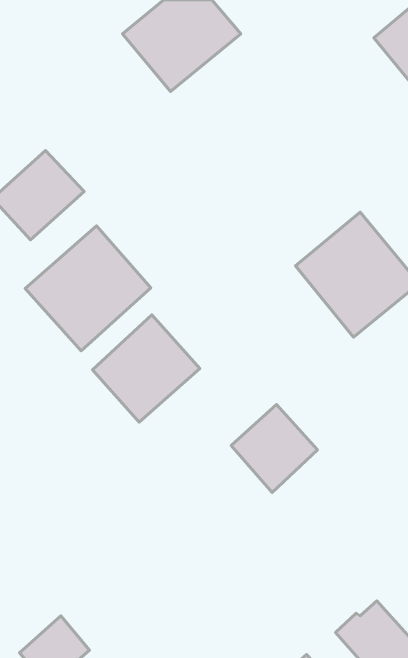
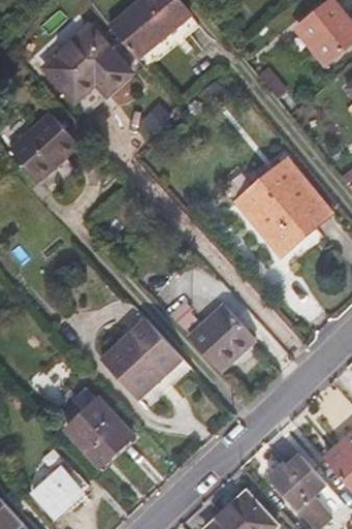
building: none -> [43,26,131,114]
building: [25,226,151,351] -> none
building: [93,315,200,422] -> [101,318,182,399]
building: none -> [64,399,132,466]

